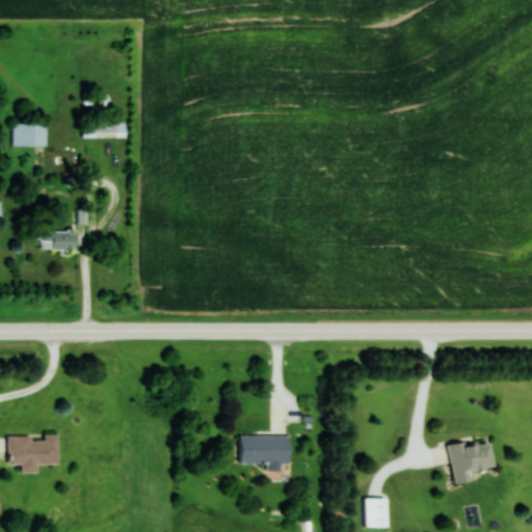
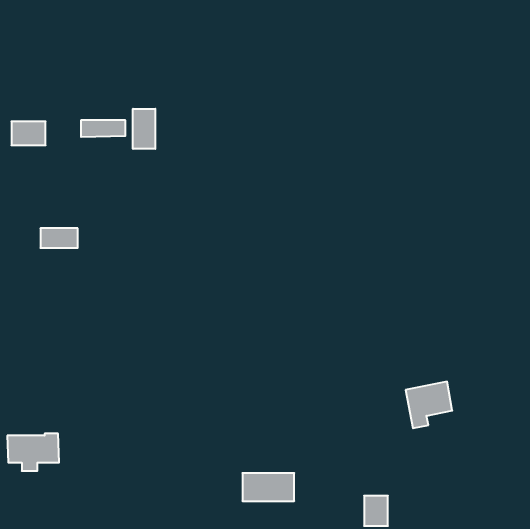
building: none -> [133,109,155,149]
building: [239,434,291,462] -> [242,473,294,501]
building: [449,438,496,485] -> [406,382,452,428]

